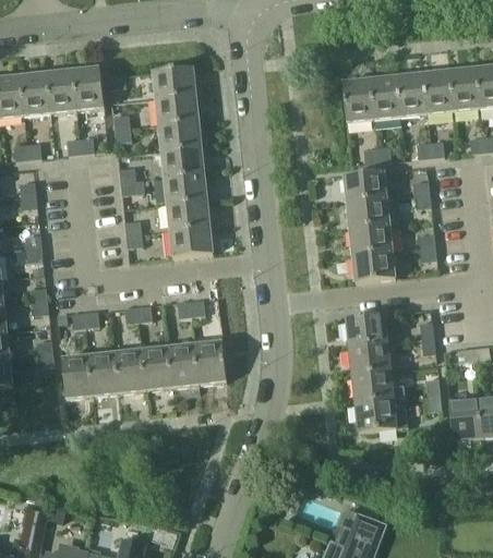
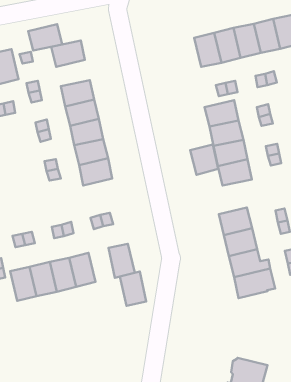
building: [155,93,197,123] -> [28,24,62,51]
building: none -> [190,145,218,175]
building: [167,343,197,386] -> [120,272,146,306]

